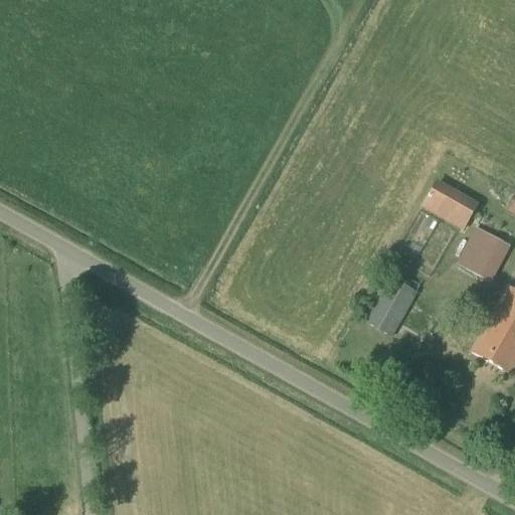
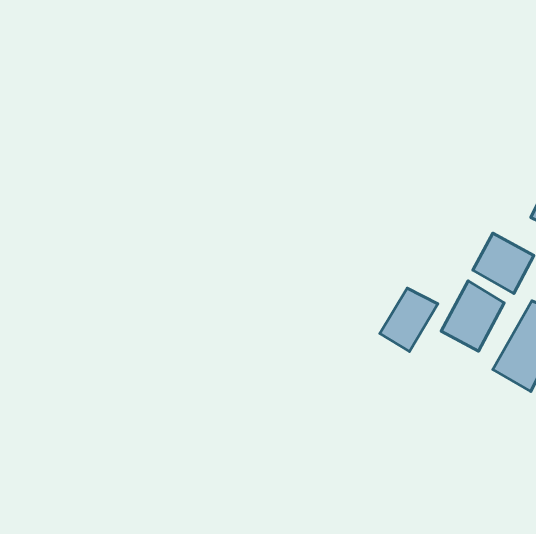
building: [421,181,476,228] -> none
building: none -> [441,281,504,351]

